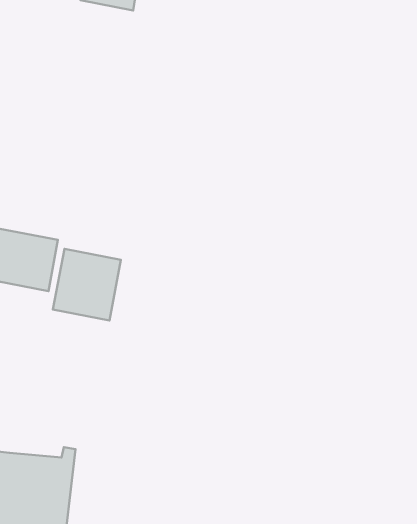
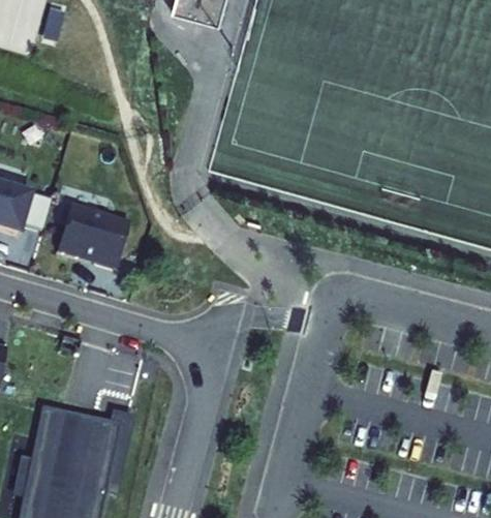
building: [53,249,121,321] -> none

